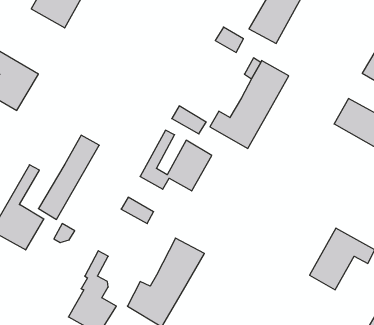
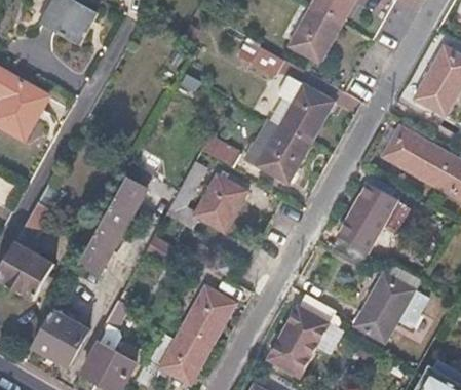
building: [38,135,99,219] -> [79,178,148,273]
building: none -> [332,182,397,264]
building: none -> [269,292,335,375]
building: none -> [32,308,88,365]

